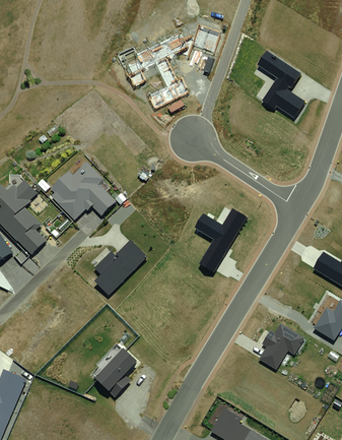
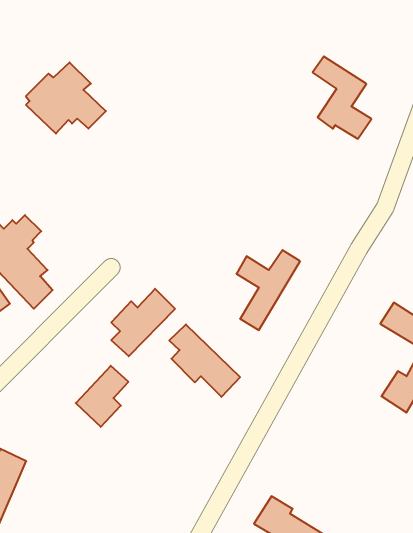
building: [51,161,116,218] -> [26,62,106,134]
building: none -> [169,324,240,397]
building: [259,322,304,369] -> none
building: [94,347,137,396] -> [76,366,128,427]

